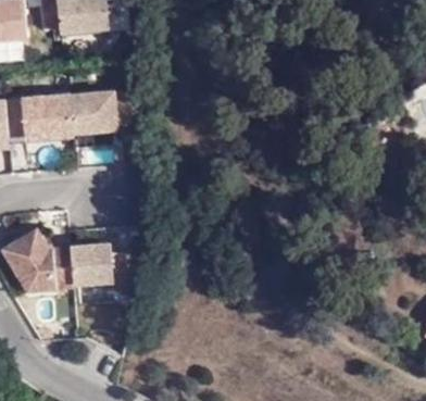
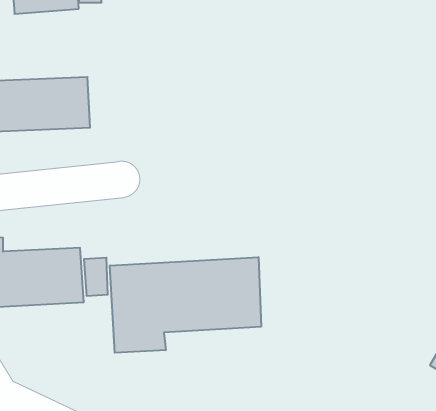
building: none -> [110,257,261,353]

